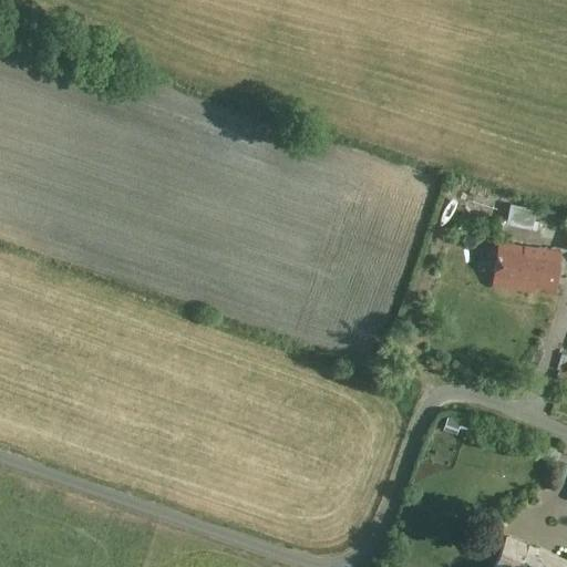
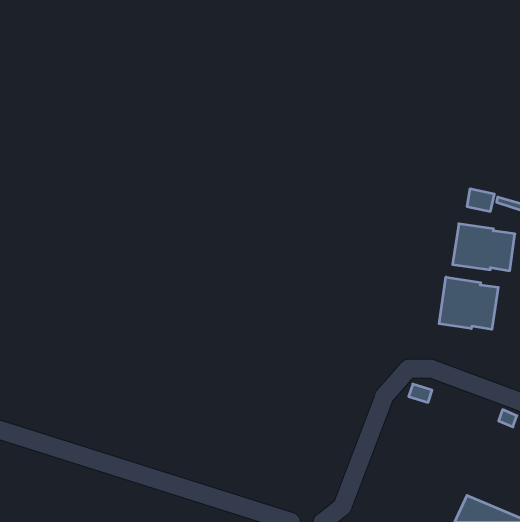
building: none -> [439,277,498,329]

